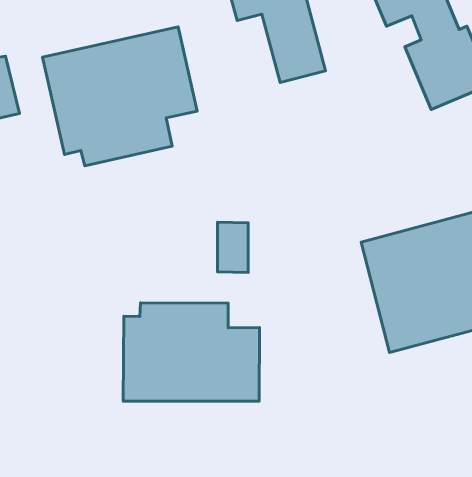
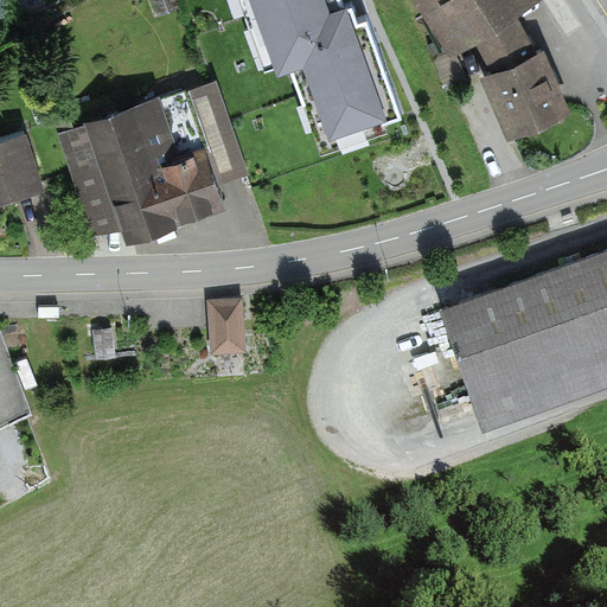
building: [217,222,248,273] -> [207,300,247,358]
building: [123,303,259,401] -> none

